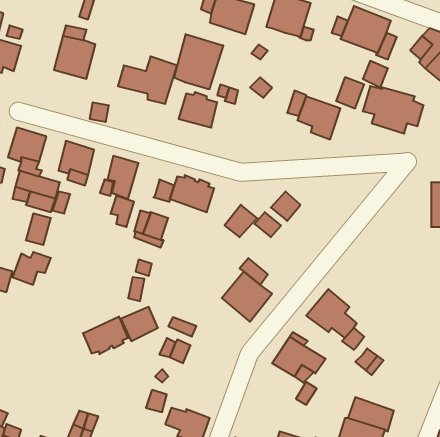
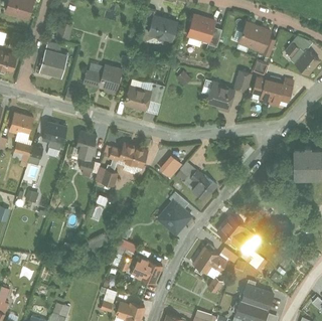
building: [174,34,223,89] -> none
building: none -> [188,173,212,203]
building: [83,316,128,354] -> none
building: none -> [134,253,162,279]

